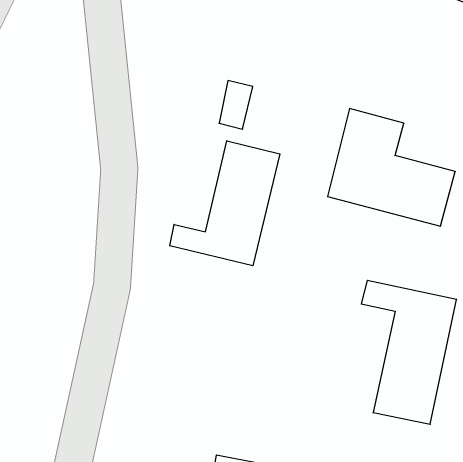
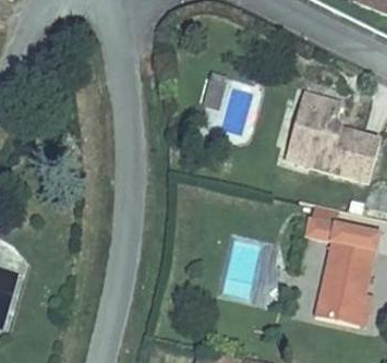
building: [170,141,280,266] -> none

